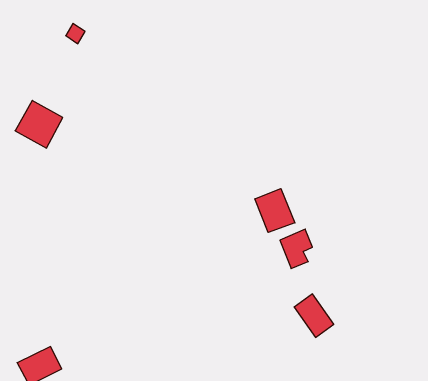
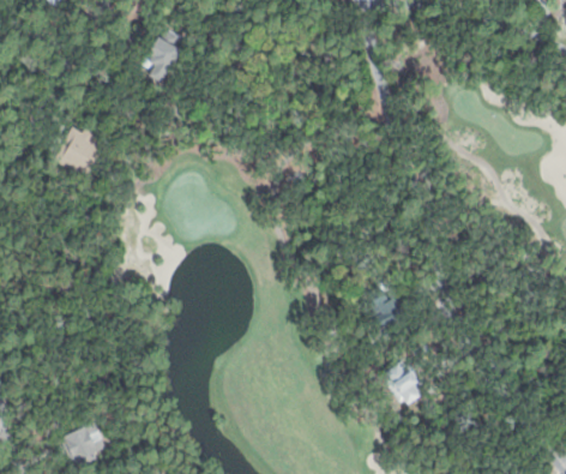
building: none -> [144,25,186,90]
building: [255,189,295,232] -> none

